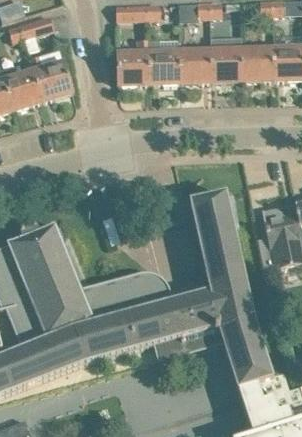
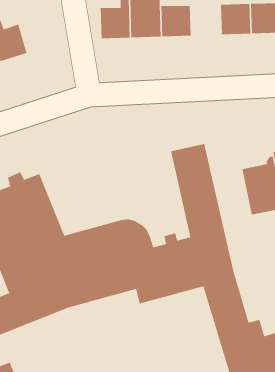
building: [211,49,243,82] -> none
building: [30,54,72,100] -> none

